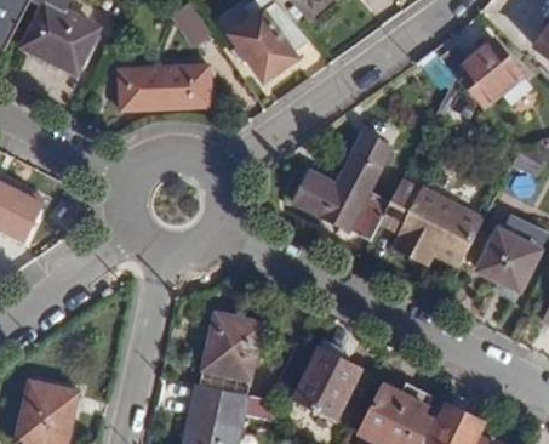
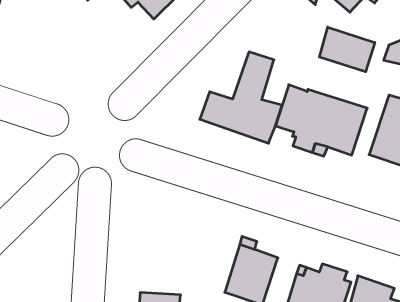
building: [118,67,207,109] -> none
building: none -> [319,27,375,72]
building: [199,313,261,397] -> none

